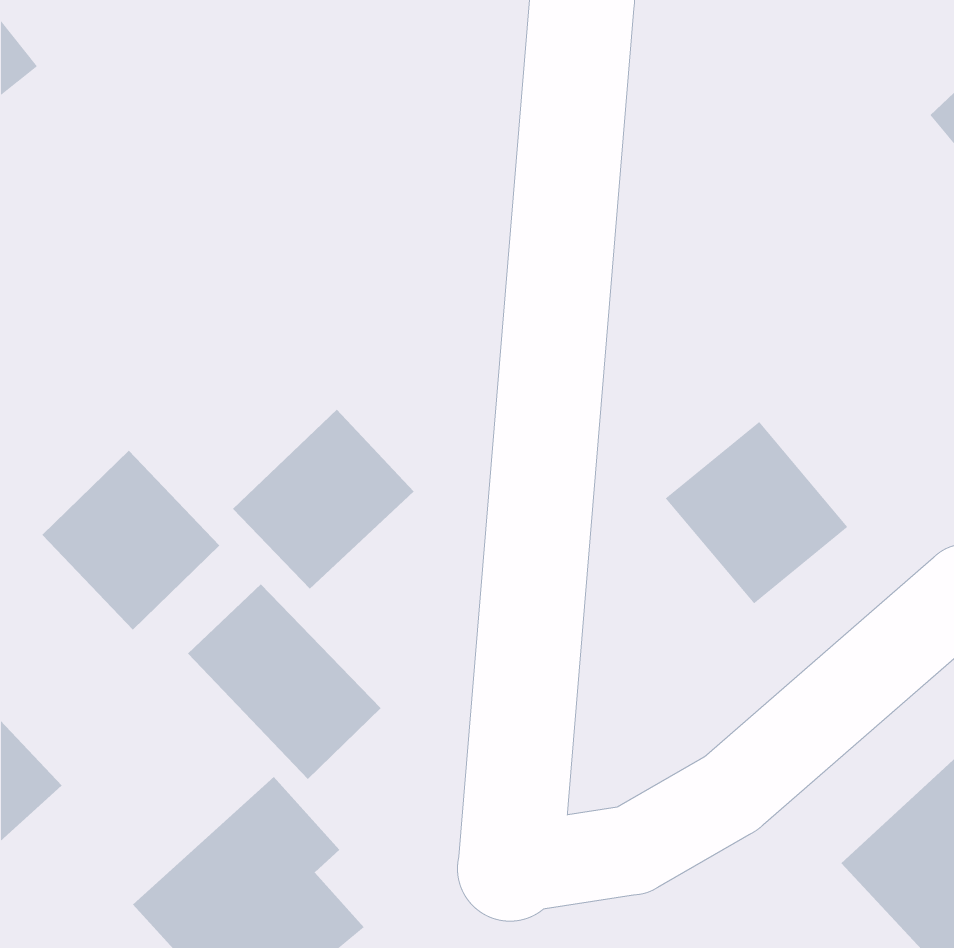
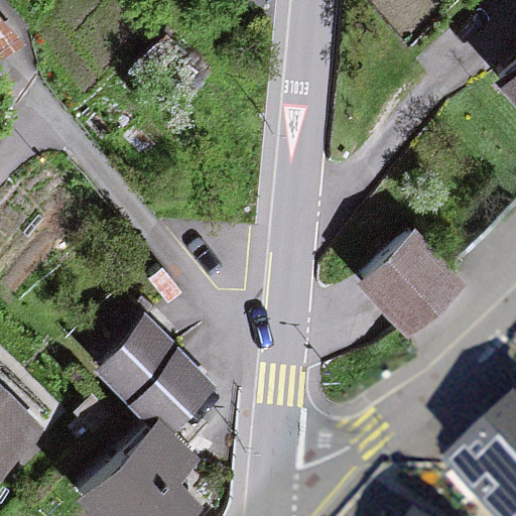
building: [232,409,415,590] -> none
building: [42,450,220,631] -> none

